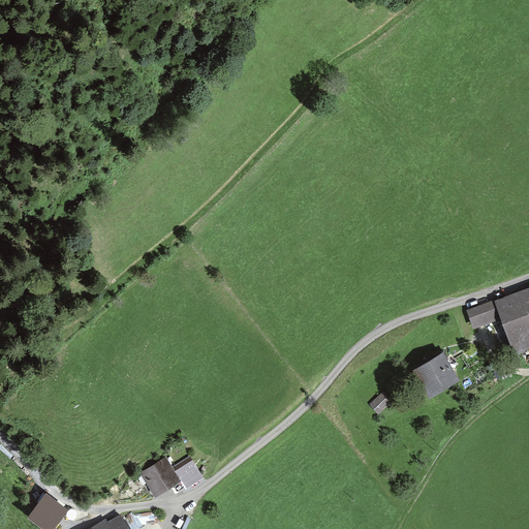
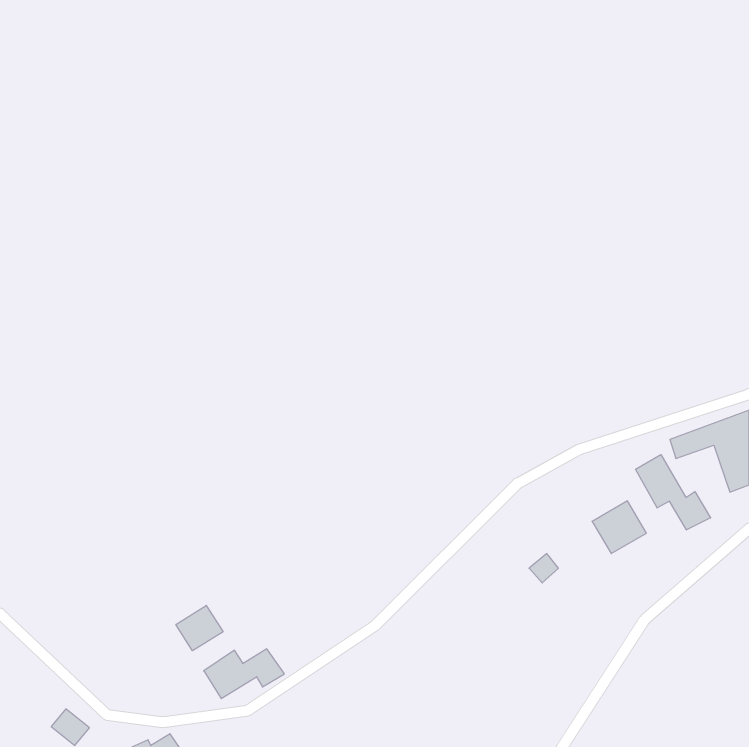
building: none -> [636,455,711,530]
building: none -> [176,605,223,651]

